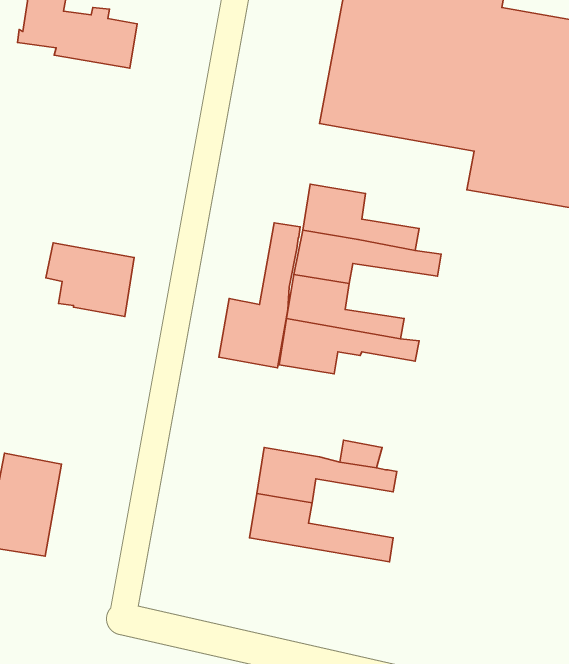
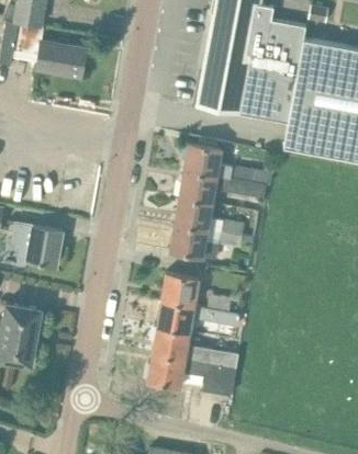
building: [219,223,300,368] -> none
building: [46,243,134,316] -> [10,224,63,268]
building: none -> [161,274,199,307]
building: none -> [147,355,236,398]

